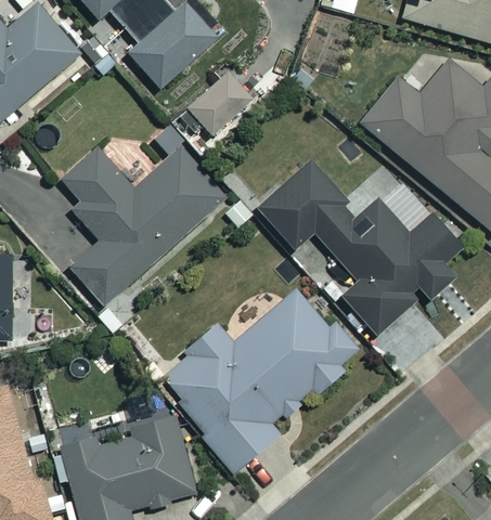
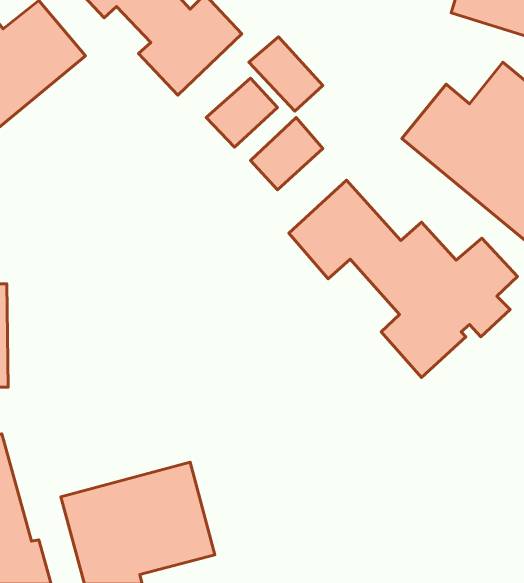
building: none -> [249,37,323,111]
building: none -> [251,118,323,190]
building: [63,146,228,304] -> none
building: [161,287,362,473] -> none

